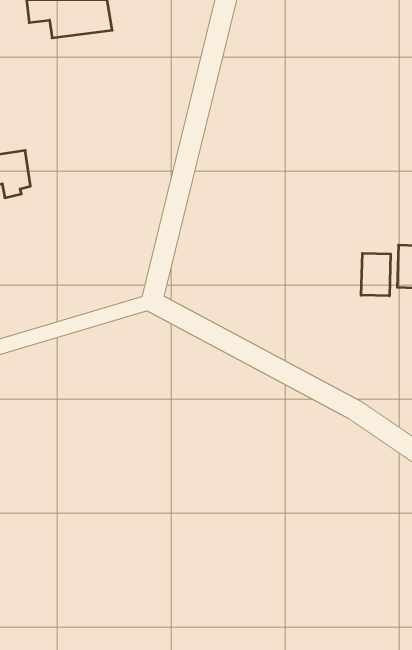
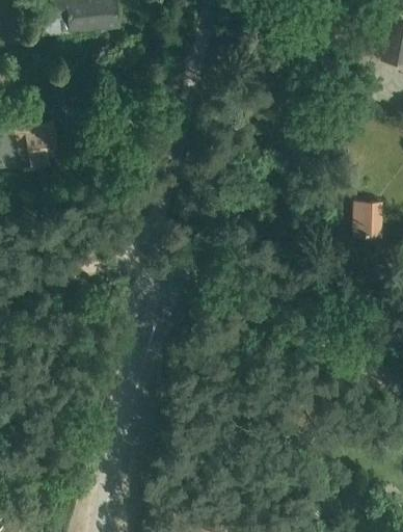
building: [361,253,391,296] -> none

